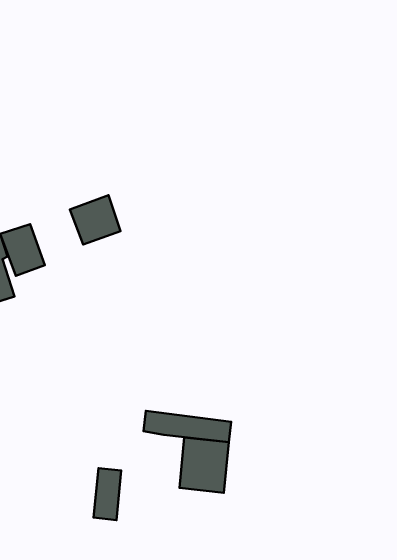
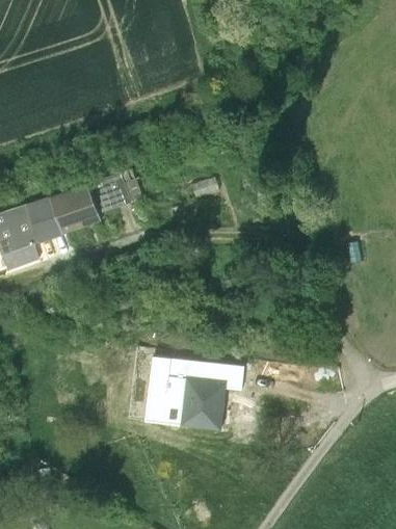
building: none -> [53,184,101,232]
building: [94,468,121,520] -> [144,376,168,421]

